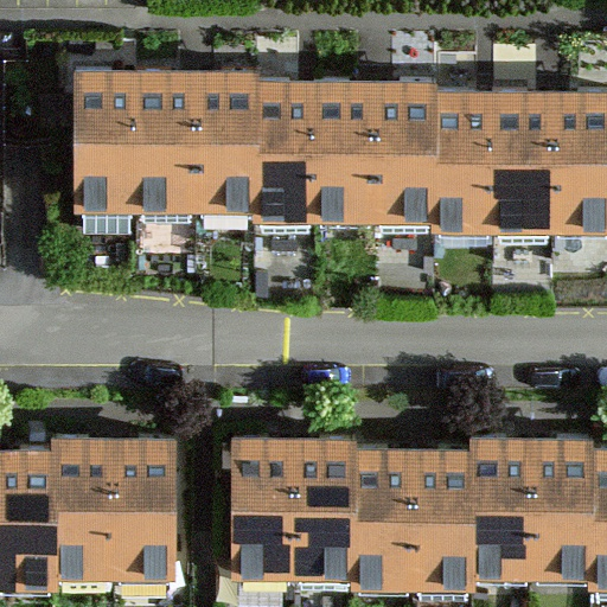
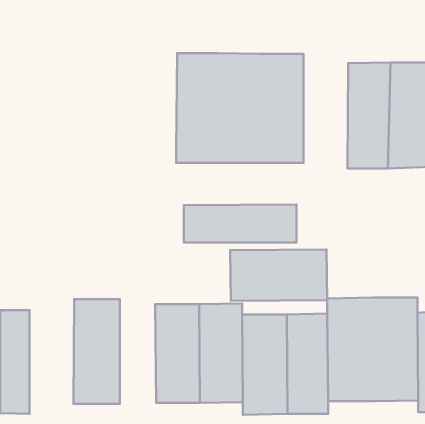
building: [72,68,257,218] -> none
building: [435,98,498,247] -> none
building: none -> [184,205,296,242]
building: none -> [230,249,327,301]
building: [50,430,113,577] -> none

